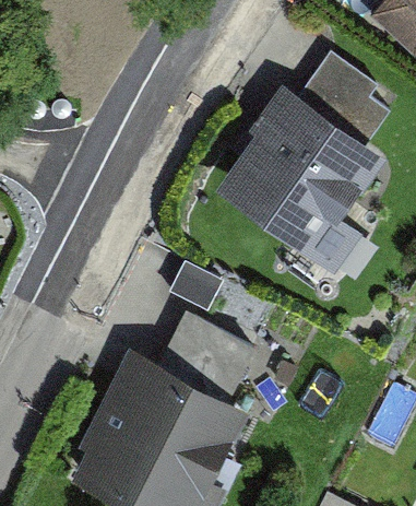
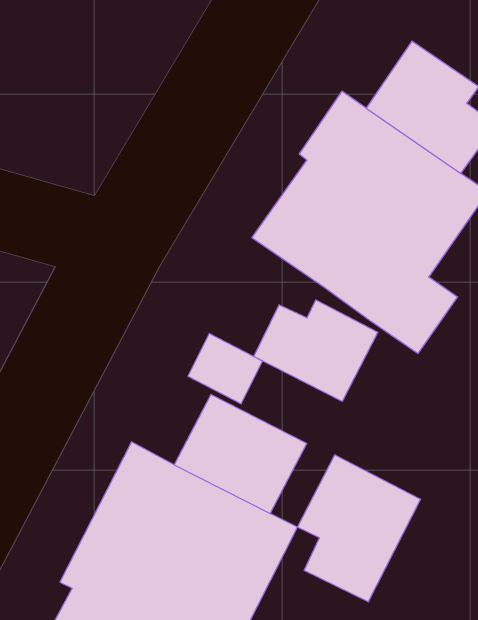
building: none -> [254,300,378,401]
building: none -> [297,455,421,602]

